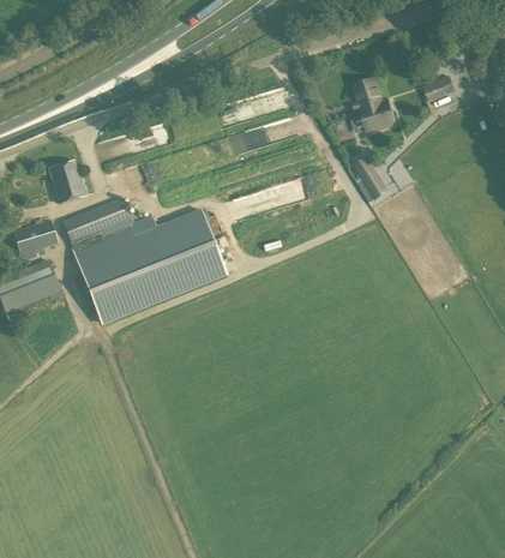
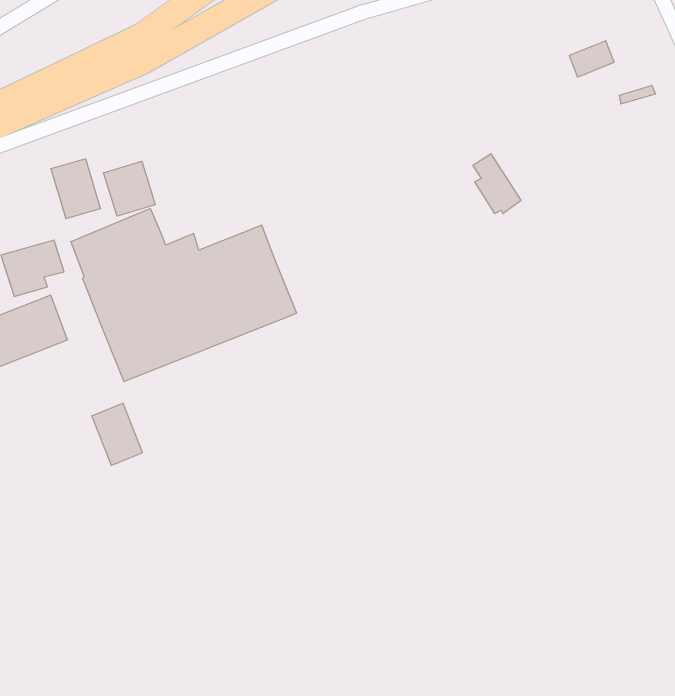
building: [353,79,393,136] -> none
building: none -> [104,161,155,216]
building: none -> [92,403,142,466]

